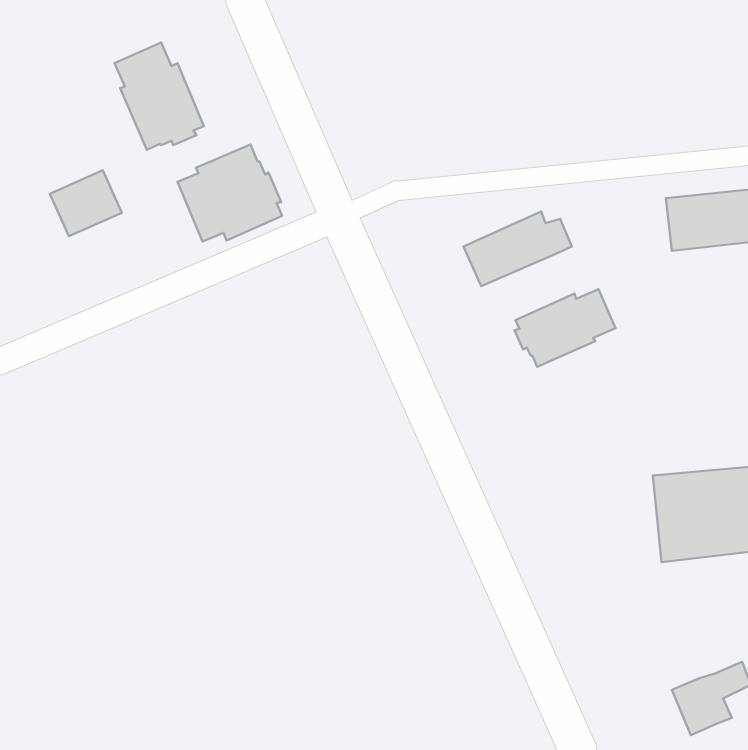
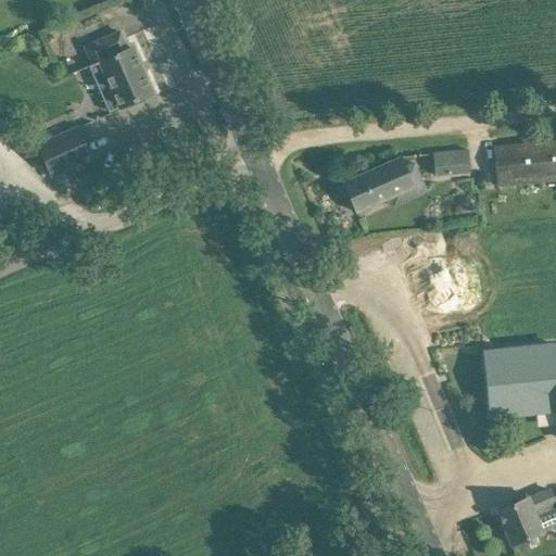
building: [177,145,282,242] -> none
building: none -> [434,150,470,175]
building: [515,289,615,367] -> none

